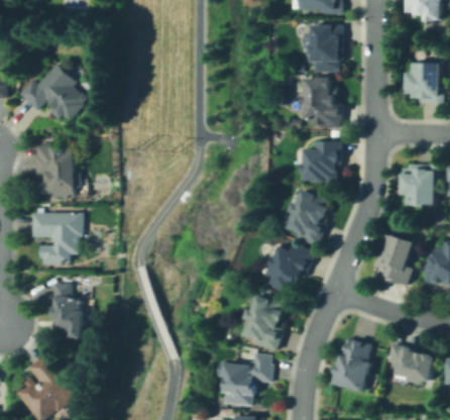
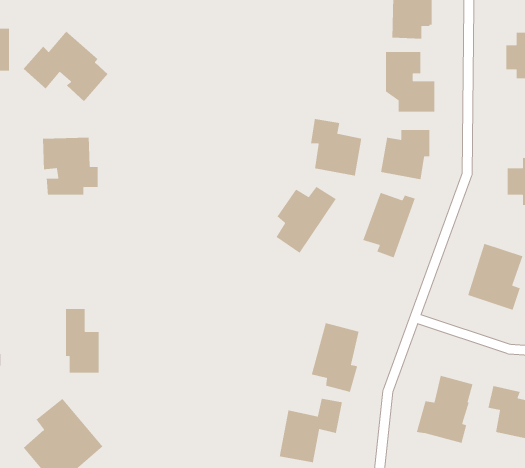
building: none -> [310,118,362,176]
building: [31,212,82,262] -> none
building: [265,242,314,296] -> [275,186,337,254]

